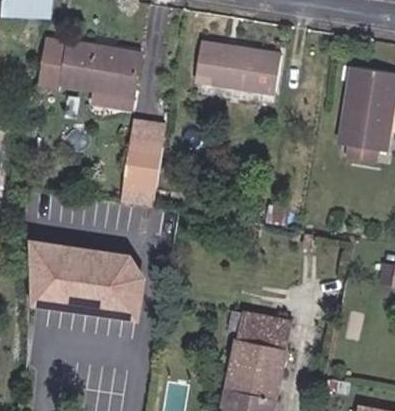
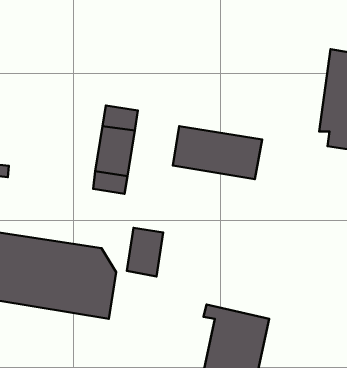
building: [40,39,139,109] -> none
building: [194,42,280,93] -> [173,126,262,179]
building: none -> [127,228,163,276]

